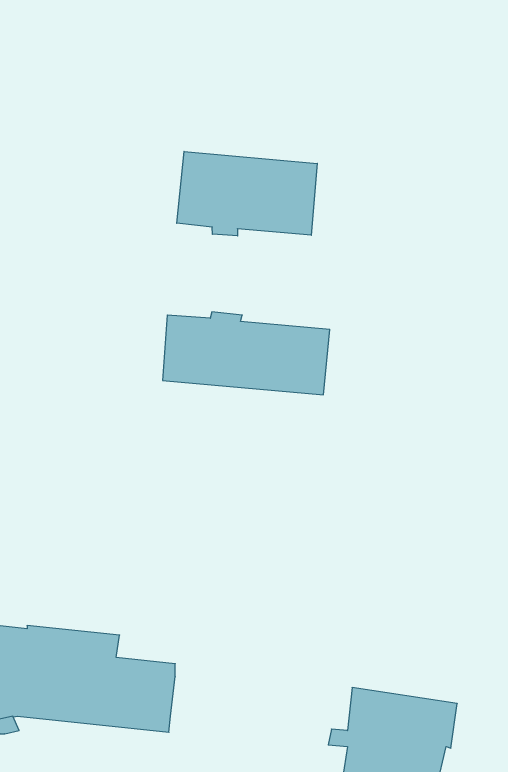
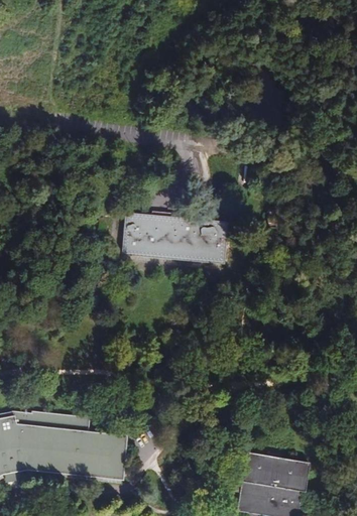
building: [177,151,317,236] -> none

